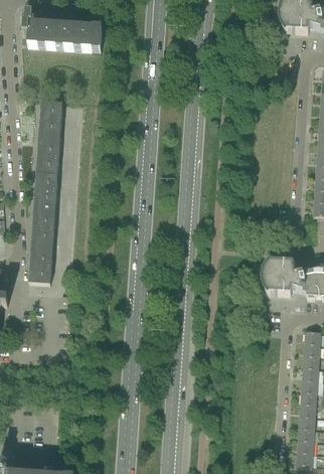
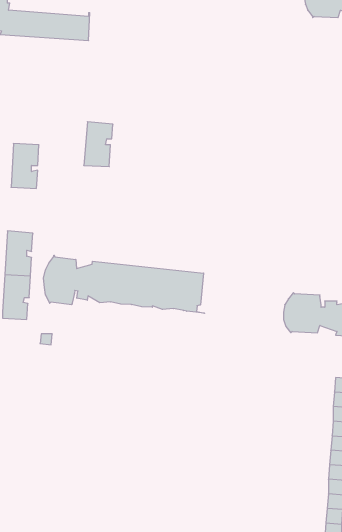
building: [38,100,62,137] -> [84,122,113,167]
building: [33,172,57,210] -> none
building: none -> [43,255,205,313]

